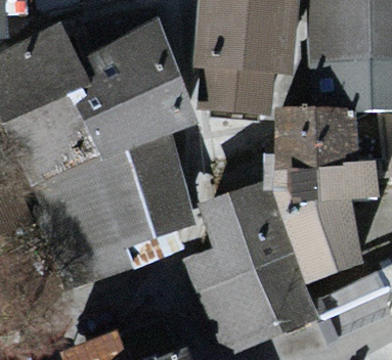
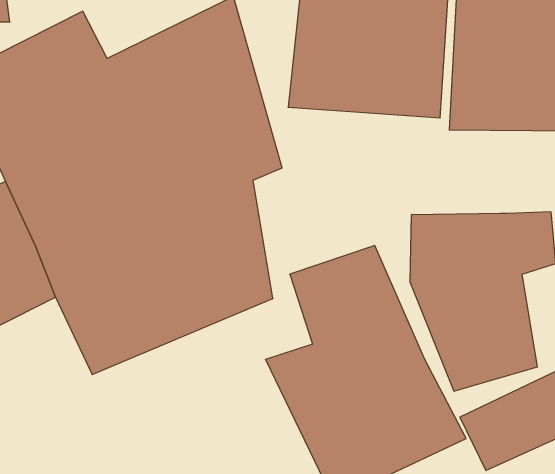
building: [279,111,342,165] -> none

